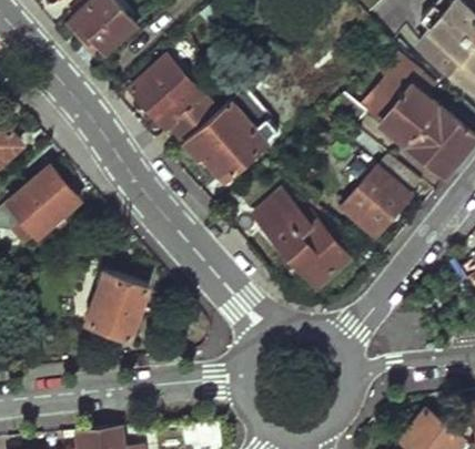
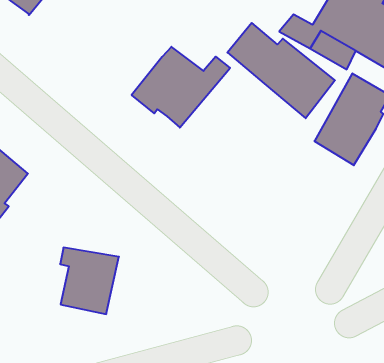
building: [130,57,218,143] -> none
building: [259,195,352,289] -> [227,23,335,118]

